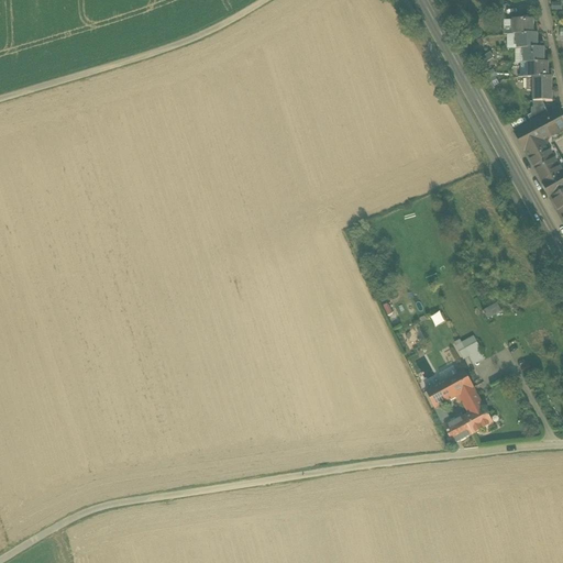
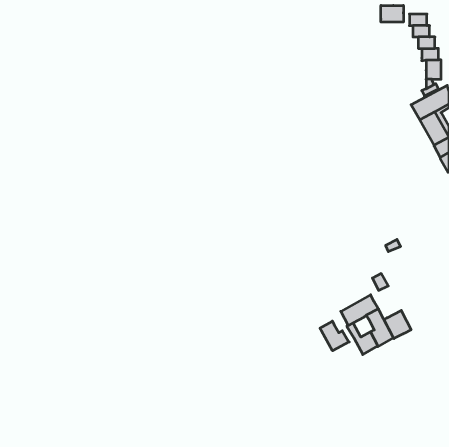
building: none -> [381,5,403,22]
building: none -> [384,310,411,339]
building: none -> [320,321,349,351]

